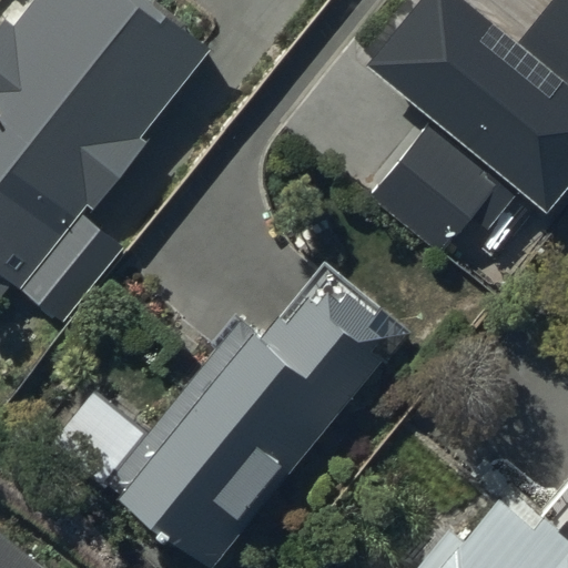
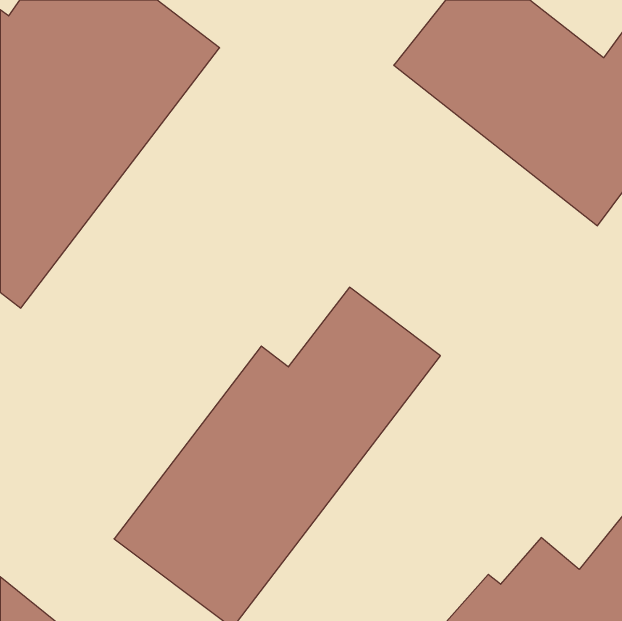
building: [367,129,498,261] -> none

